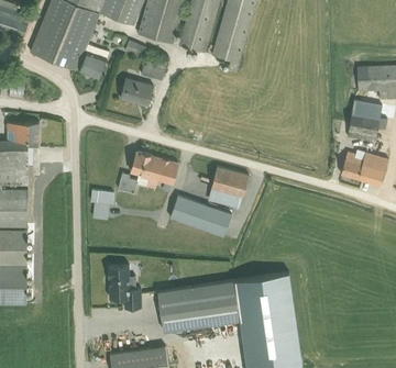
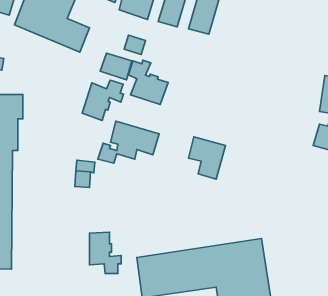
building: none -> [128,60,168,104]
building: none -> [82,80,123,121]
building: [166,192,230,236] -> none

